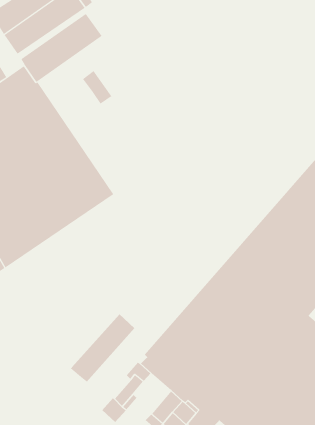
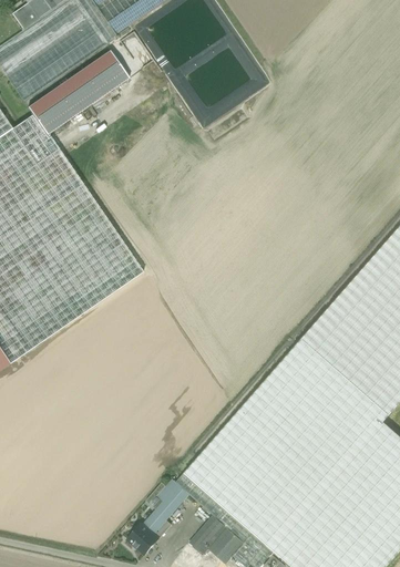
building: [82,70,112,105] -> none
building: [70,314,135,383] -> none

